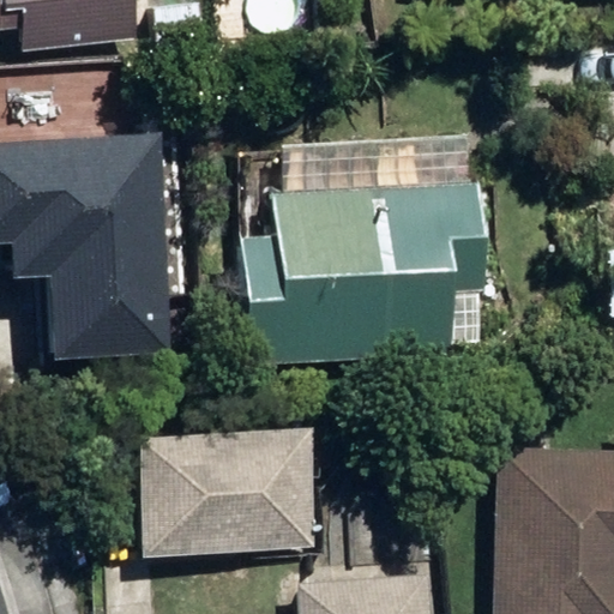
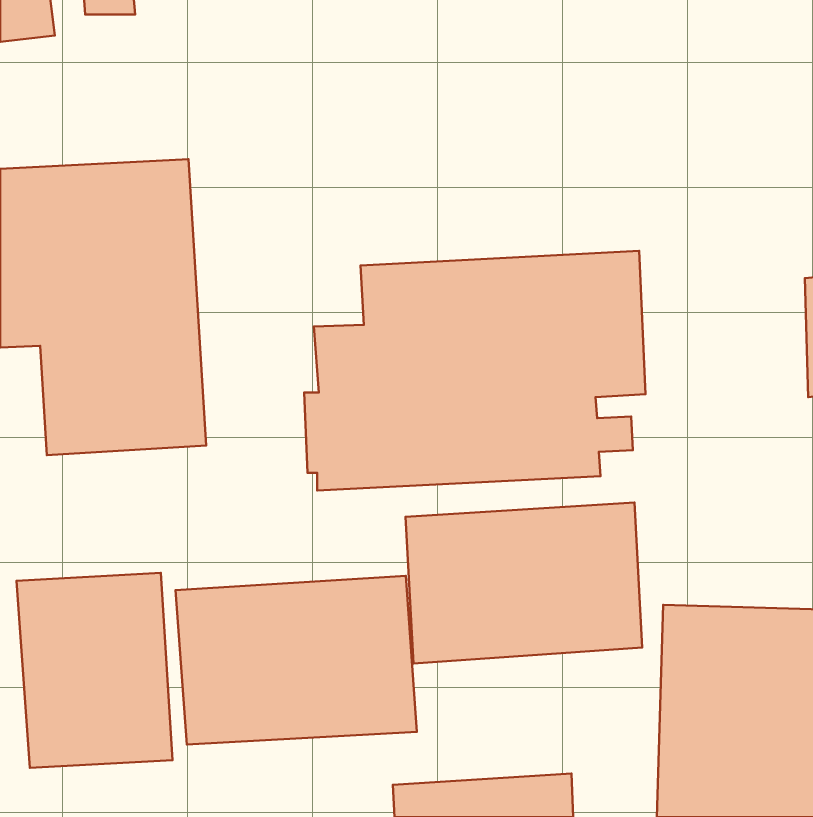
building: none -> [406,502,642,663]
building: none -> [17,573,173,768]

